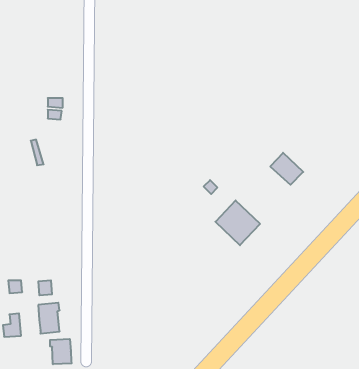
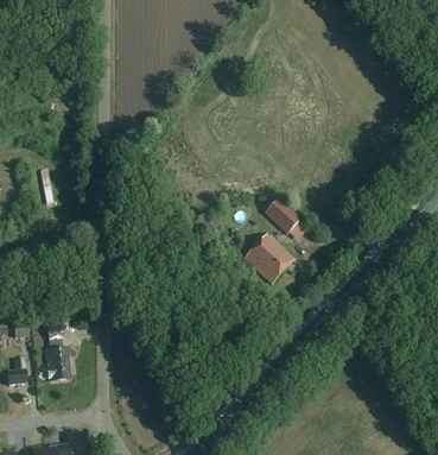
building: [270,153,303,185] -> [262,196,299,232]
building: [50,339,72,364] -> none

